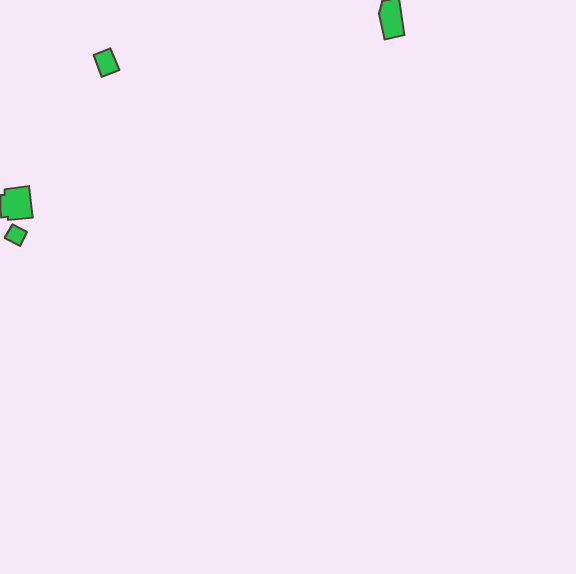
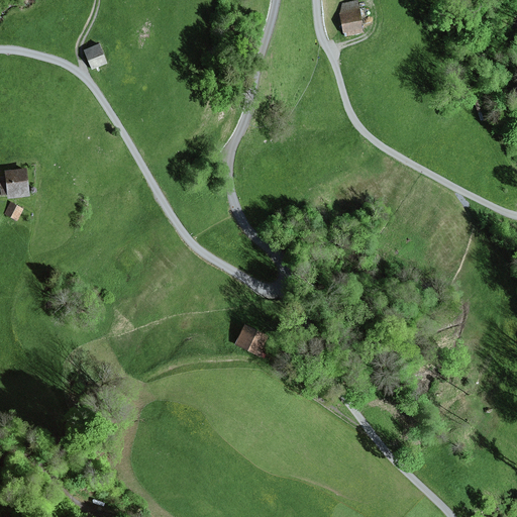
building: none -> [234,322,269,355]

